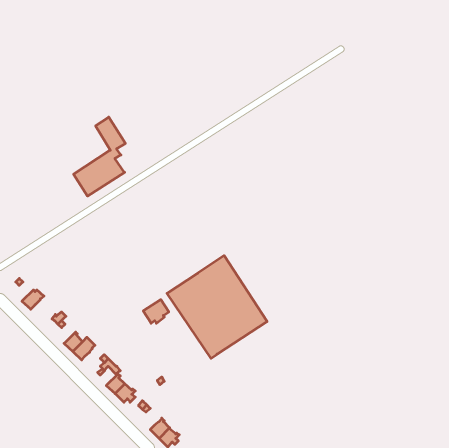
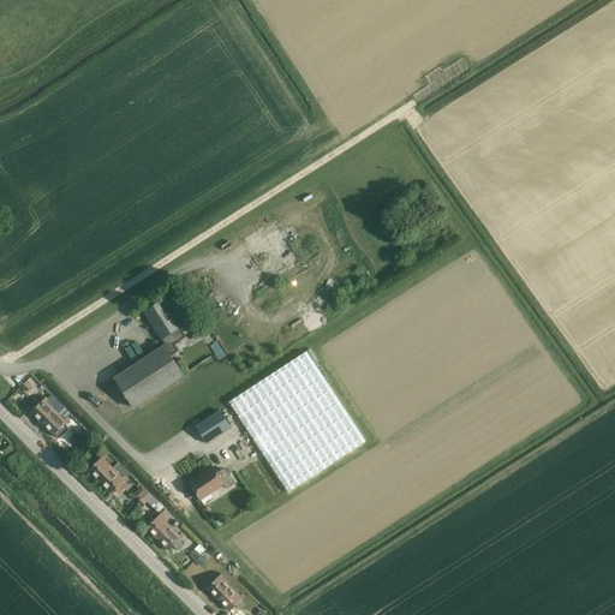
building: [74,117,125,196] -> [114,299,185,407]
building: none -> [42,404,71,437]
building: none -> [189,466,234,498]

